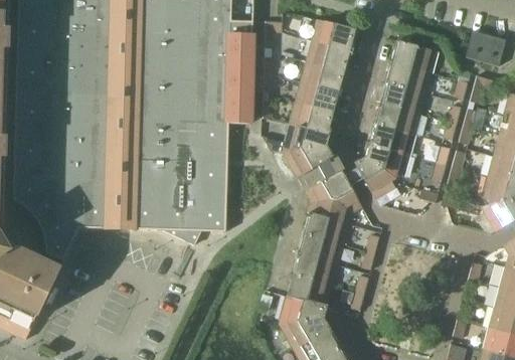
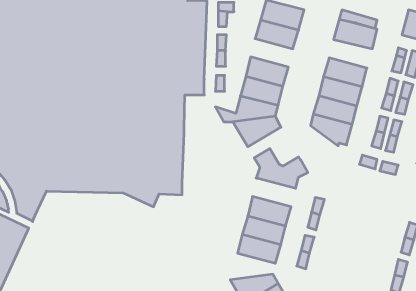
building: [300,62,346,94] -> none
building: [385,63,433,95] -> none
building: [353,157,396,201] -> none
building: [321,171,352,201] -> none
building: [302,214,349,245] -> none
building: [278,296,327,325] -> none

